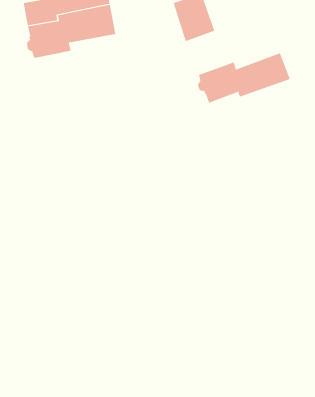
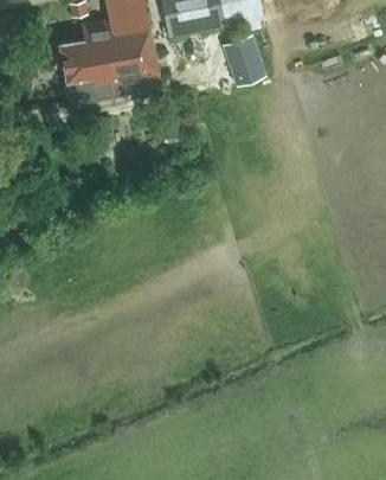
building: [197,53,290,104] -> none

